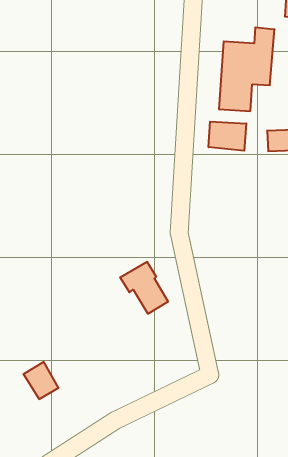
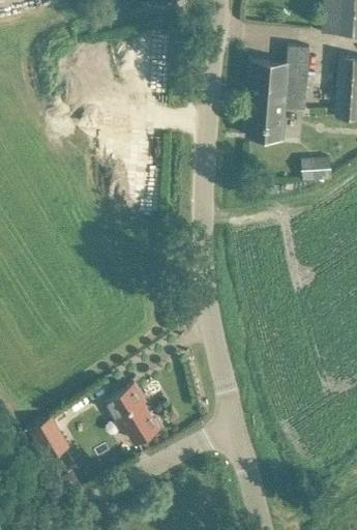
building: [209,122,246,151] -> none
building: [120,262,168,314] -> [106,384,159,442]

